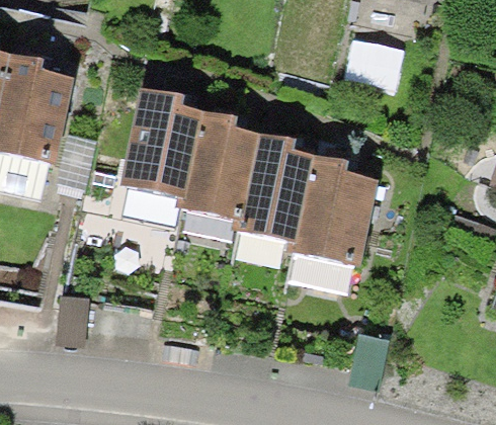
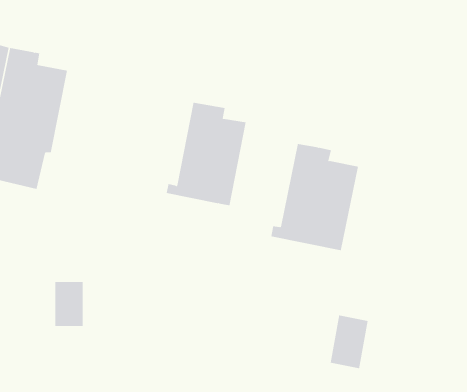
building: [121,88,204,197] -> none
building: [230,131,315,241] -> none

